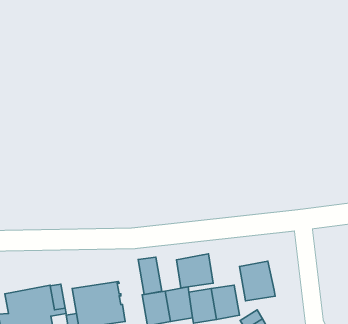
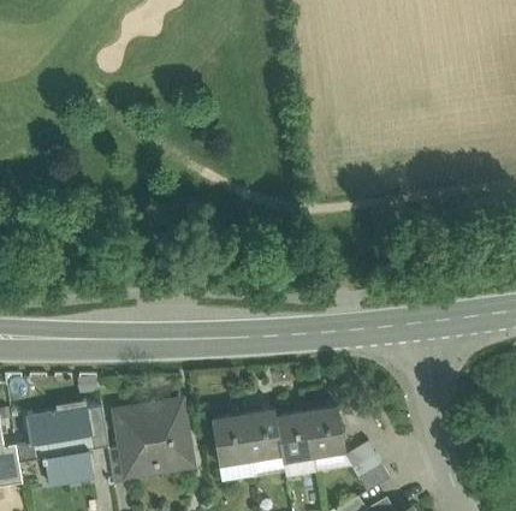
building: [176,254,213,288] -> none
building: [138,257,162,294] -> none
building: [240,261,275,301] -> none

